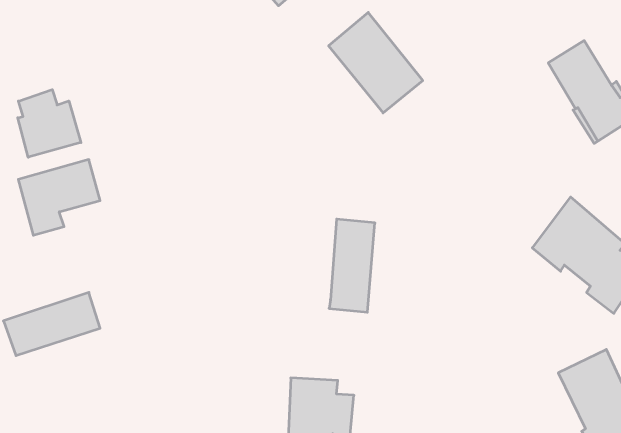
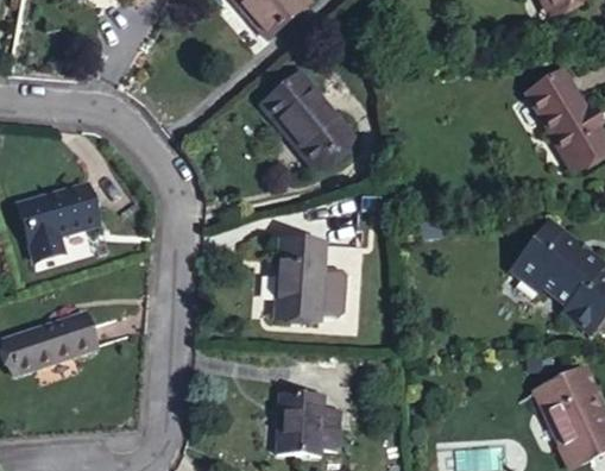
building: [329,12,423,113] -> [261,71,352,168]
building: [18,90,81,157] -> none
building: none -> [275,239,324,319]

